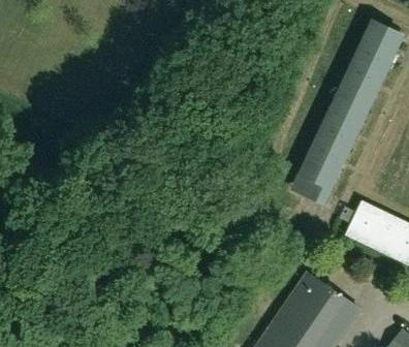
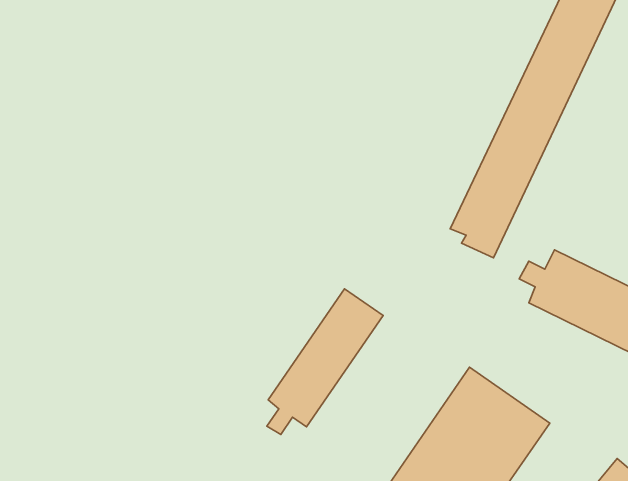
building: none -> [267,289,383,434]

